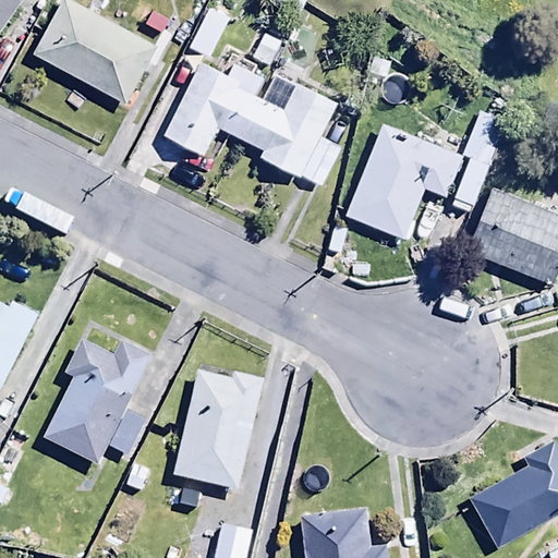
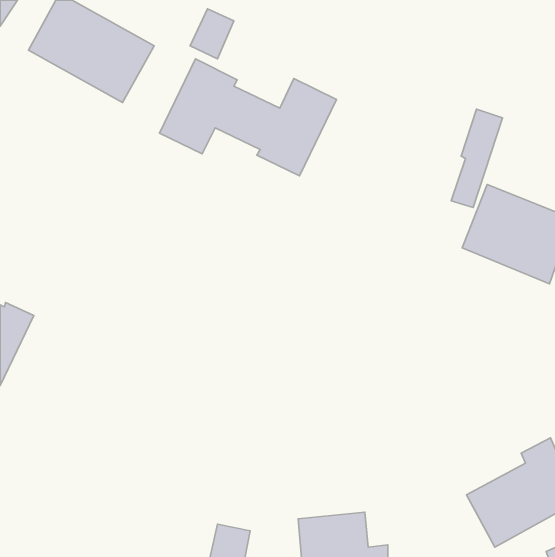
building: [344,121,462,239] -> none
building: [45,340,155,463] -> none
building: [172,371,263,492] -> none

